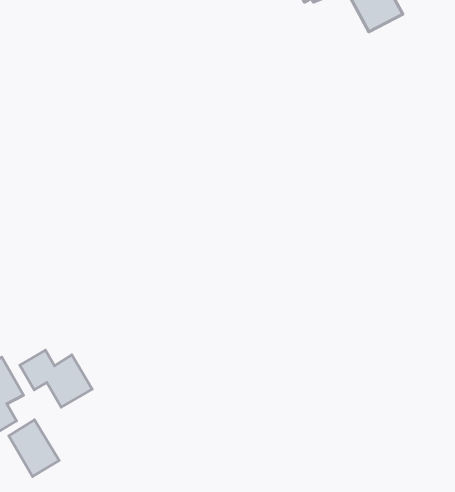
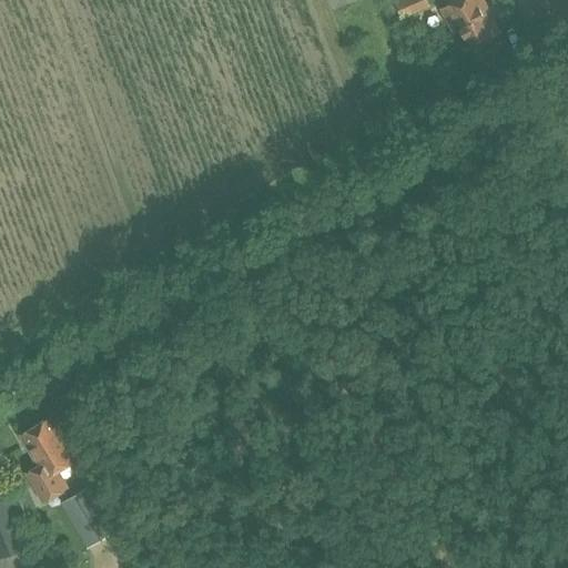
building: [20,350,92,407] -> none

